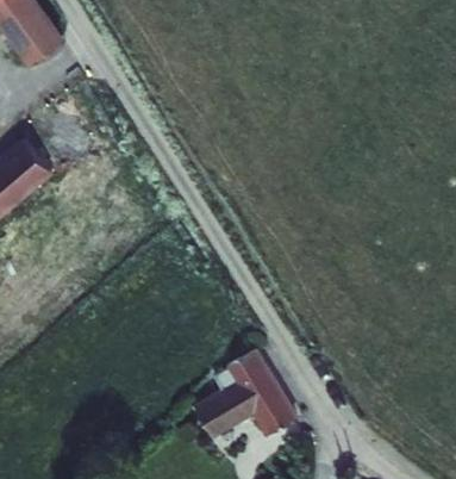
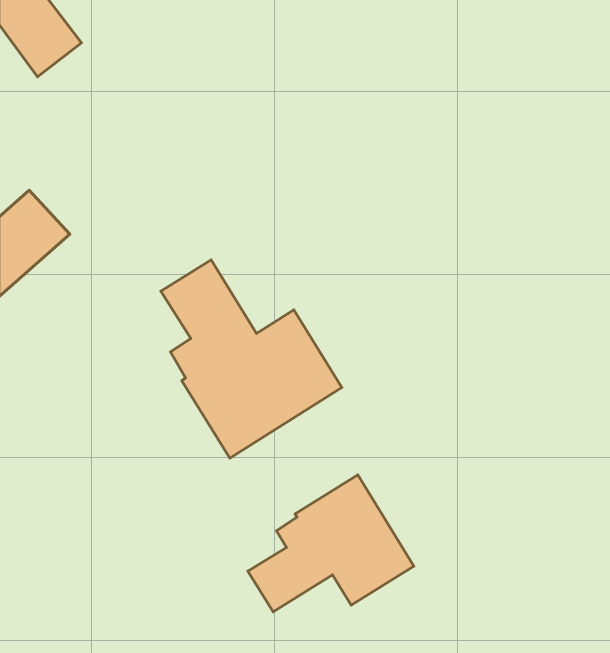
building: none -> [161,260,342,458]

